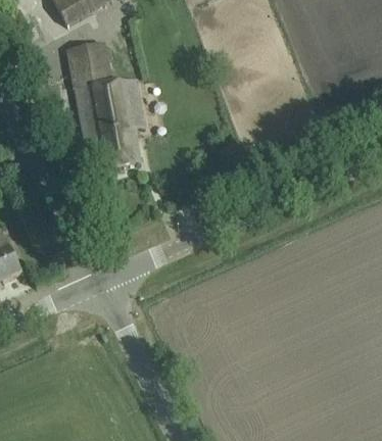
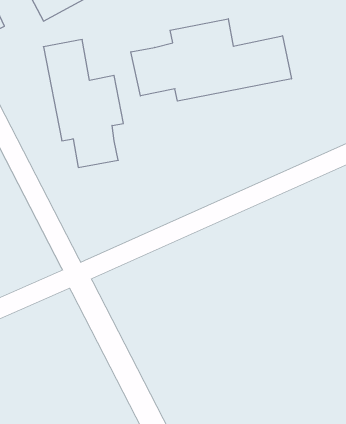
building: none -> [131,19,291,101]

